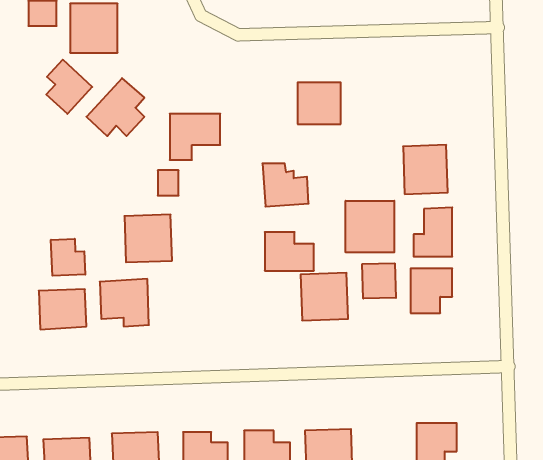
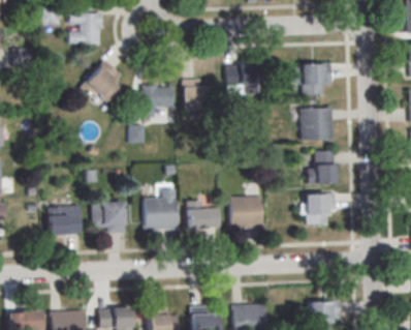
building: [46,60,92,114] -> none
building: none -> [295,63,329,93]
building: [262,163,309,207] -> [183,80,215,110]
building: [346,201,394,252] -> none
building: [124,215,172,262] -> [144,197,177,230]
building: [265,232,314,271] -> [187,201,221,228]
building: [51,239,85,276] -> none
building: [362,263,396,299] -> none

